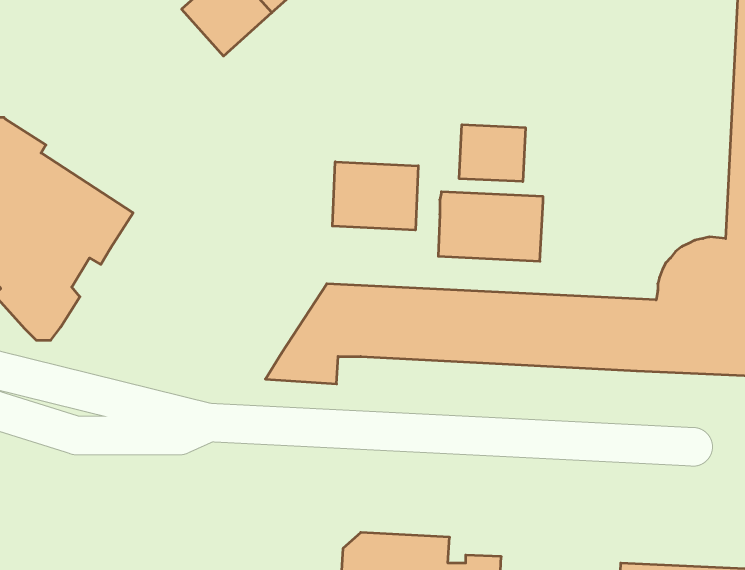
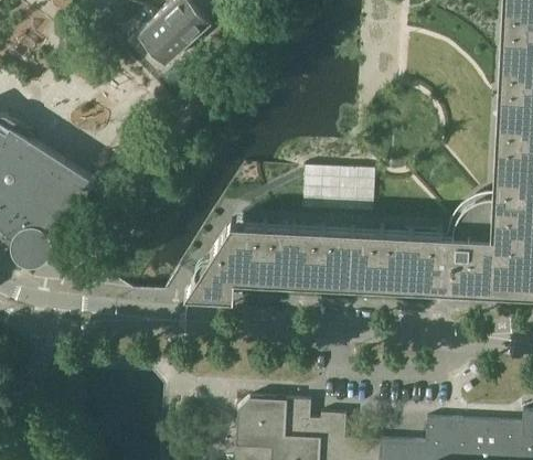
building: [459,125,525,182] -> none
building: [332,162,418,230] -> none

